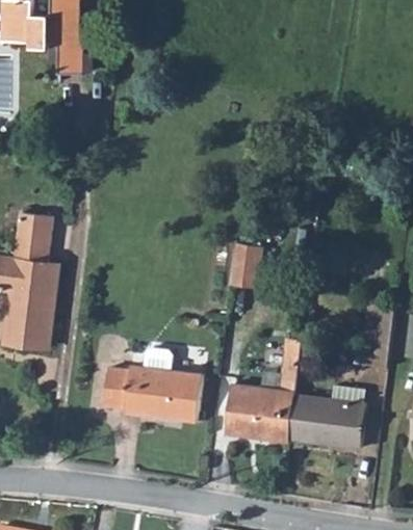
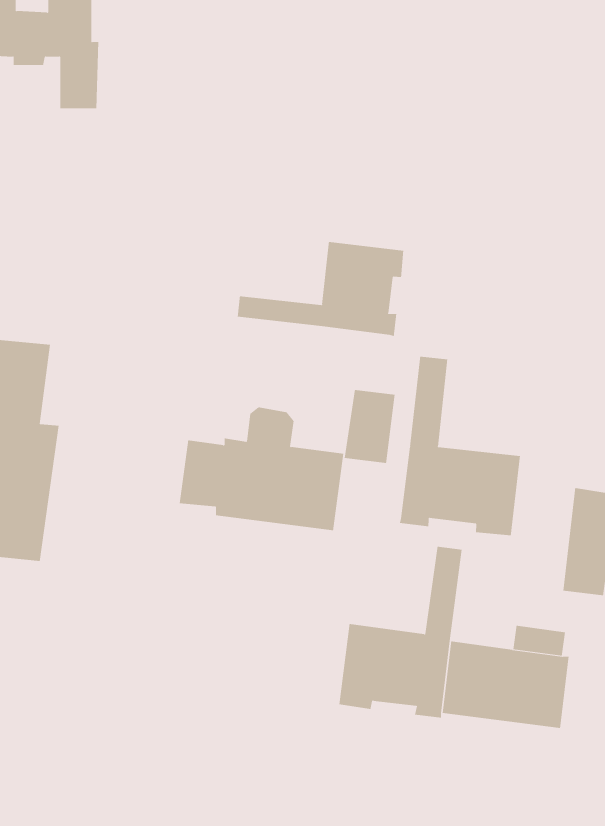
building: none -> [237,241,404,337]
building: none -> [399,356,521,536]
building: [102,347,202,422] -> [179,407,344,531]

